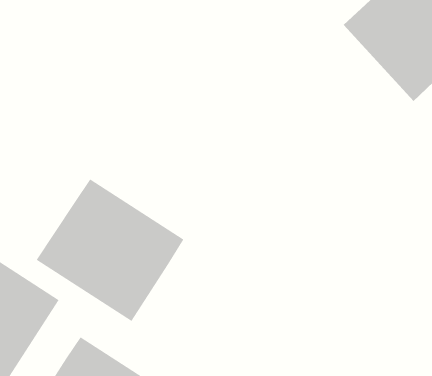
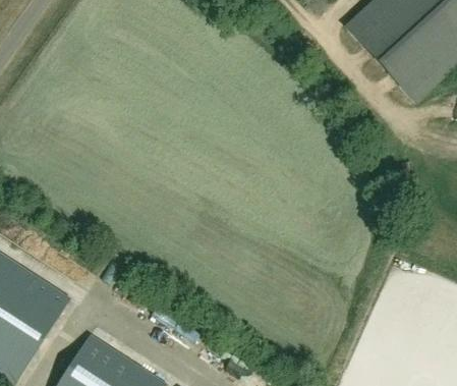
building: [36,178,184,322] -> none

